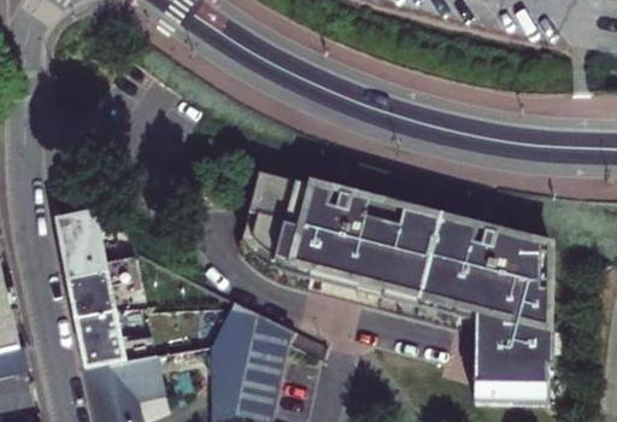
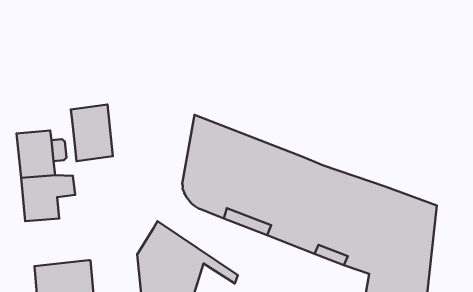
building: none -> [71,105,113,161]
building: [76,304,153,362] -> none

